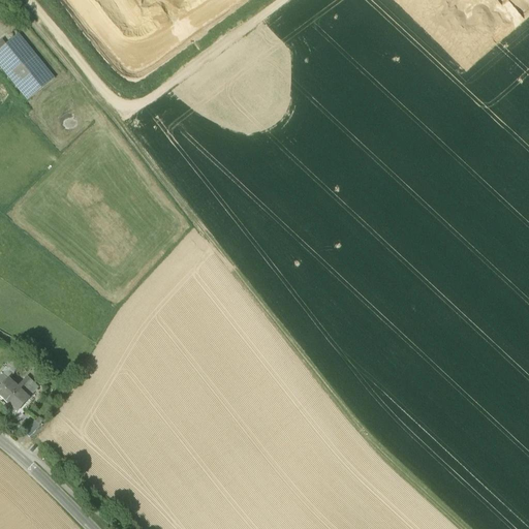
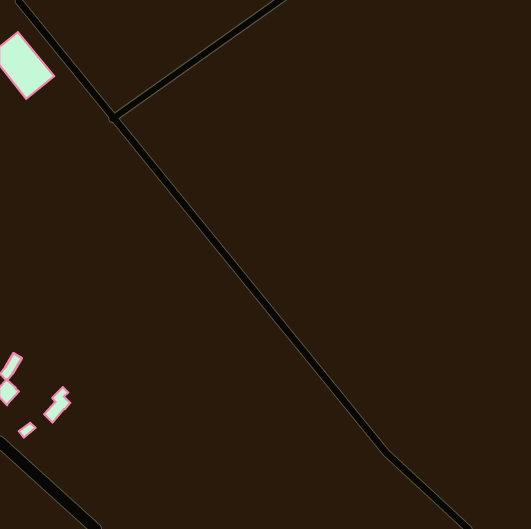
building: [7,374,33,409] -> [44,387,70,423]

